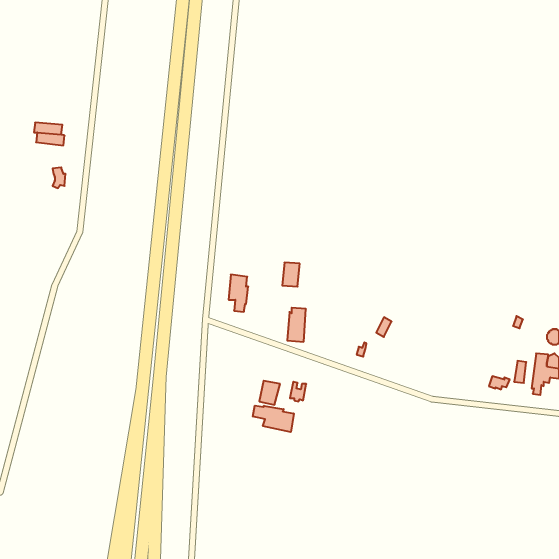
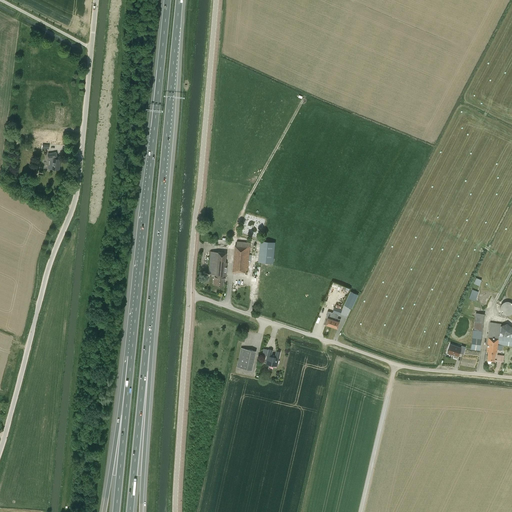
building: [287,308,306,342] -> [233,241,250,272]
building: [253,406,294,432] -> none

